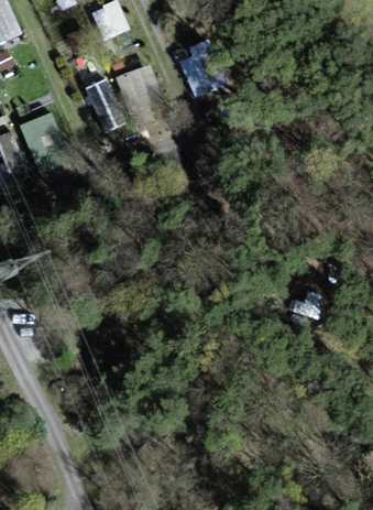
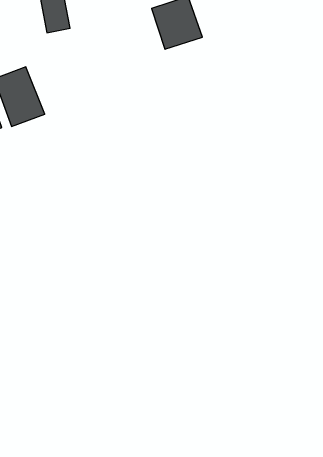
building: [86,64,162,119] -> none

